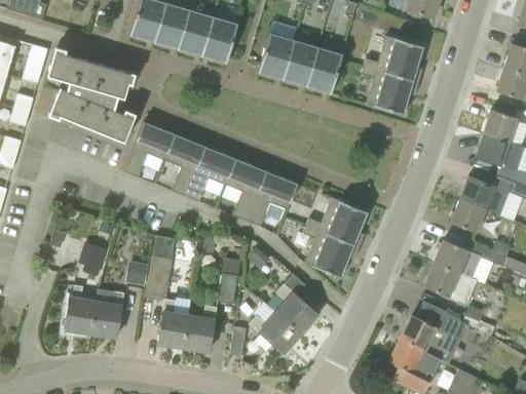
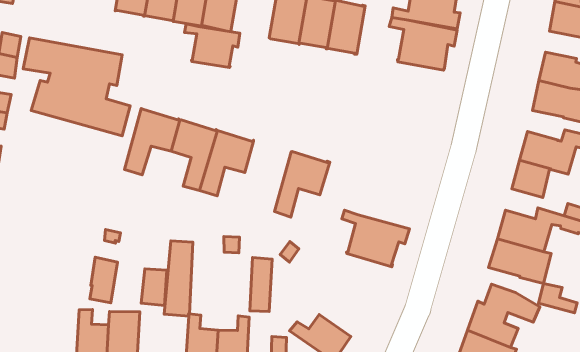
building: none -> [184,24,240,67]
building: [225,159,266,221] -> none
building: [306,197,368,247] -> none
building: [275,284,317,333] -> none

